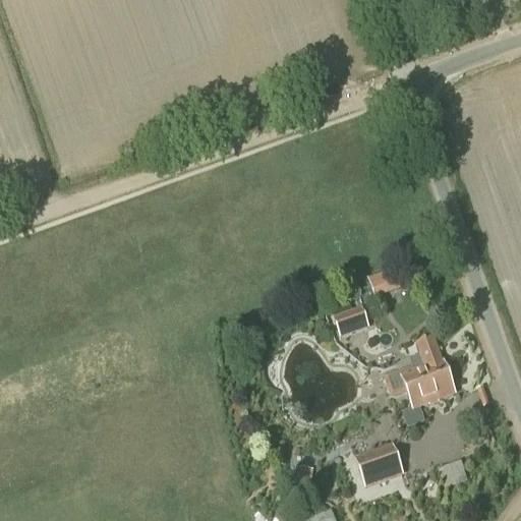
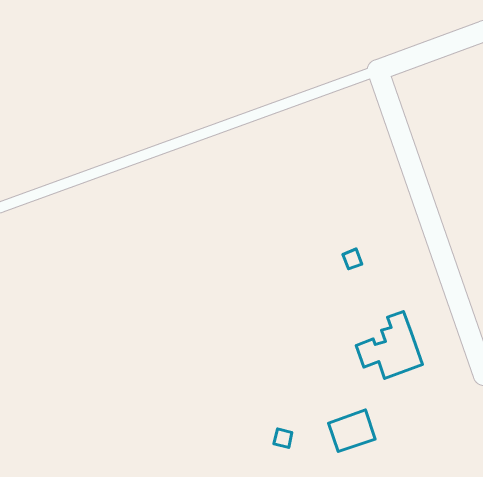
building: [332,303,369,336] -> none

